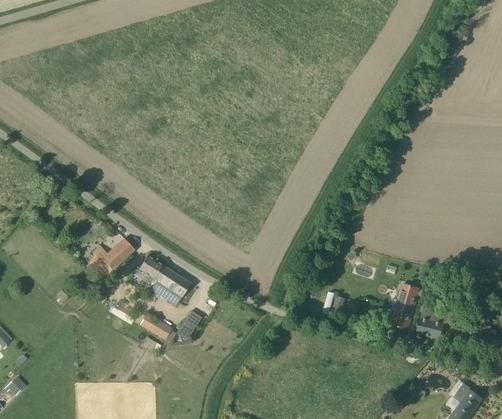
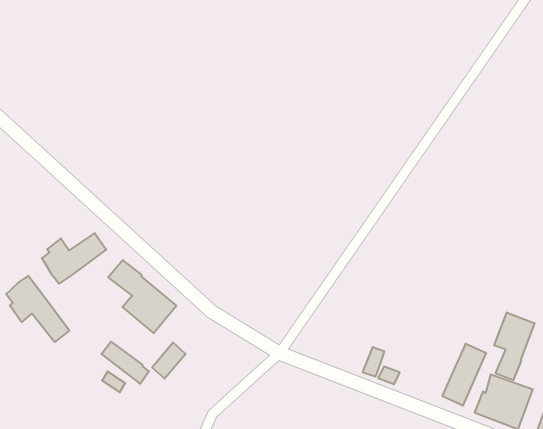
building: none -> [494,312,534,380]
building: none -> [6,276,69,342]

